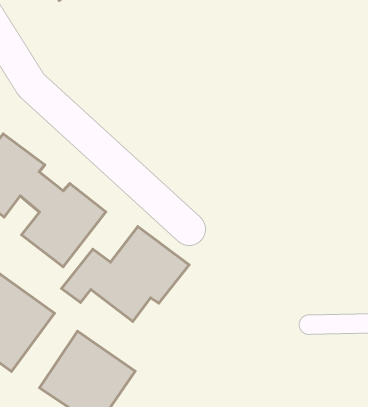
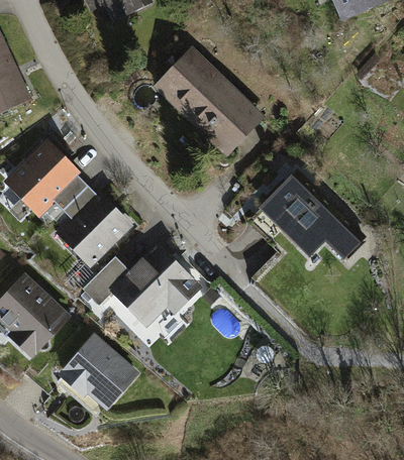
building: none -> [155,46,265,154]
building: none -> [258,176,358,260]

